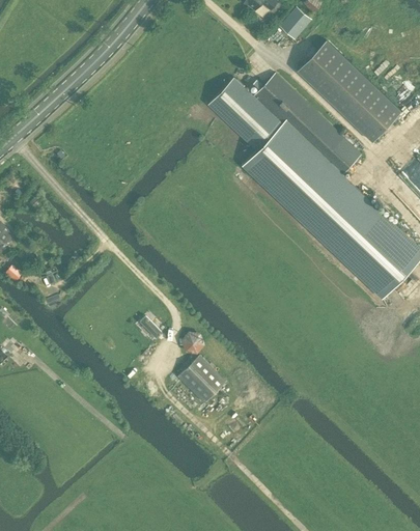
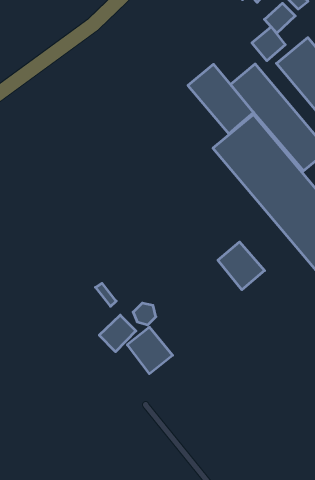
building: none -> [252,27,285,61]
building: none -> [218,242,265,290]
building: none -> [99,315,136,352]

